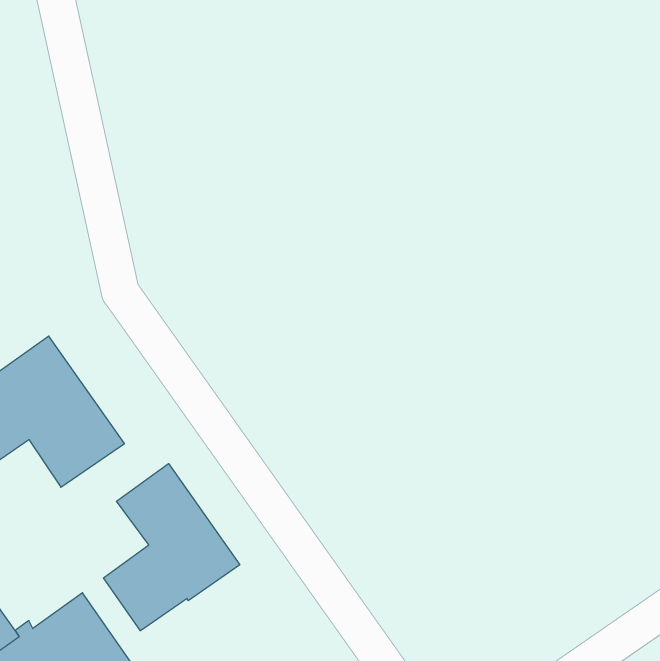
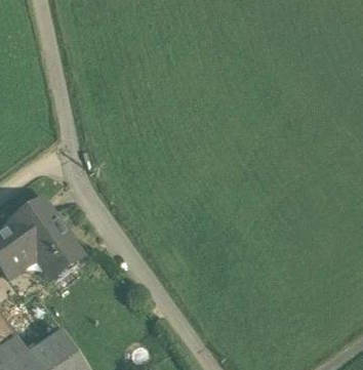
building: [104,464,240,631] -> none

